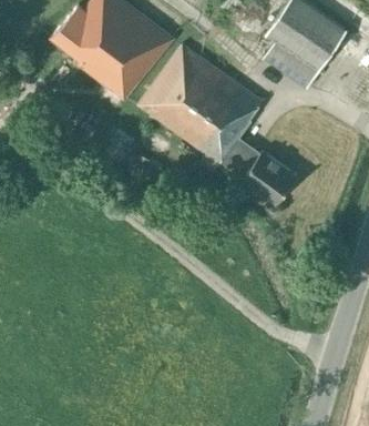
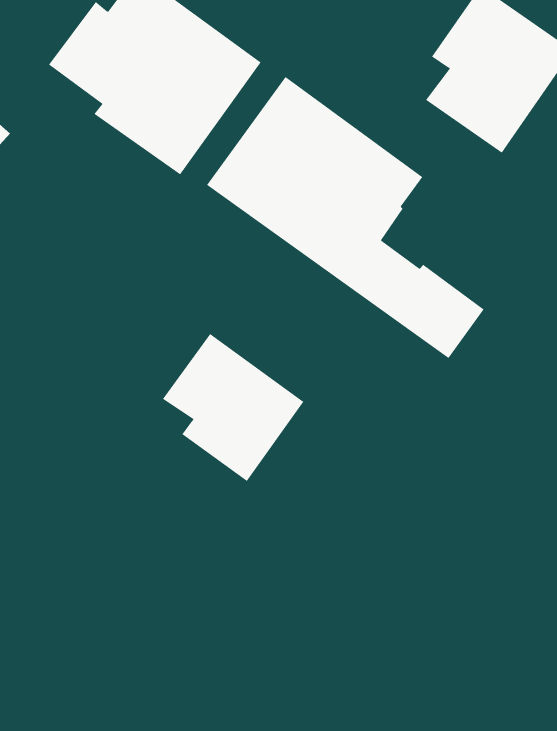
building: none -> [162,333,304,482]

